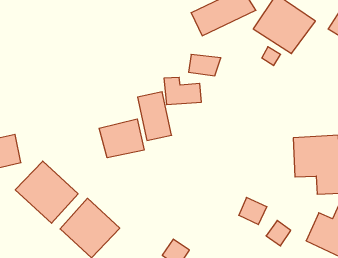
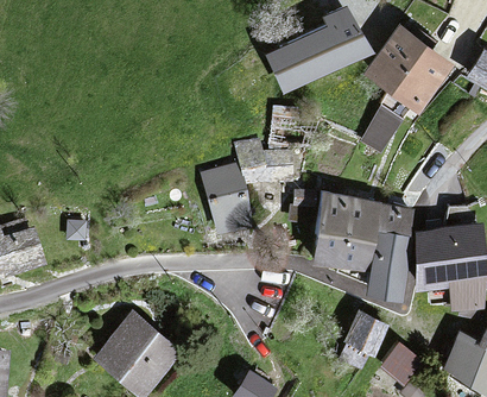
building: none -> [310,187,413,292]
building: [99,119,144,158] -> none
building: [15,161,78,223] -> none

